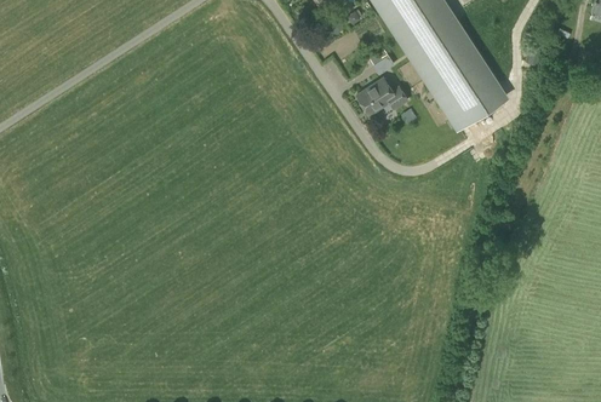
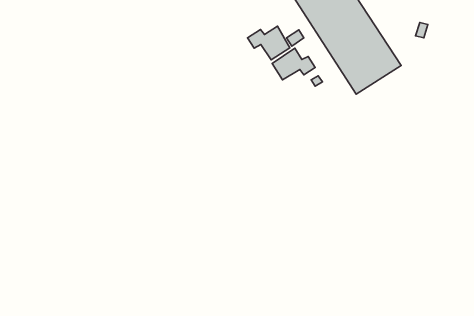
building: none -> [248,26,290,60]

